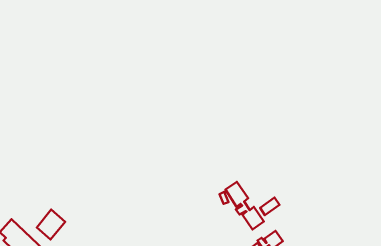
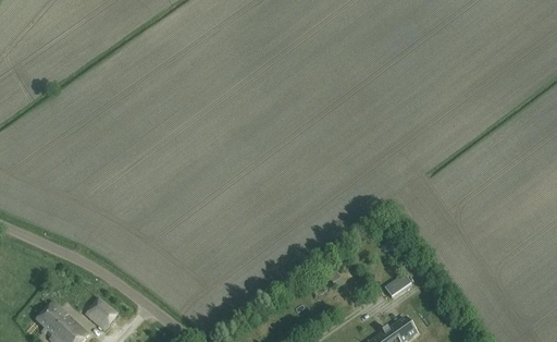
building: [225,182,264,229] -> none

